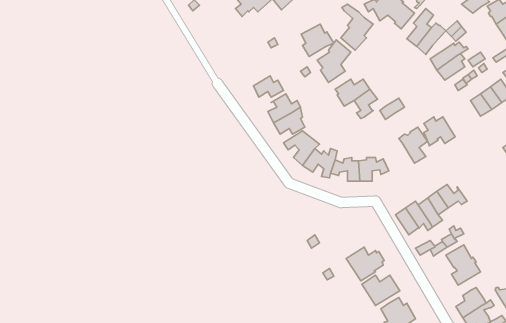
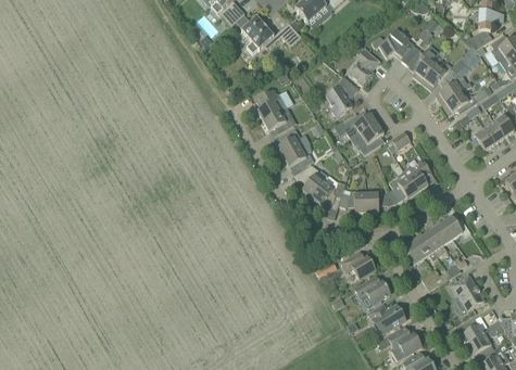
building: [301,24,334,57] -> [255,89,287,120]
building: [424,117,455,146] -> [389,176,419,204]
building: none -> [341,251,375,279]

